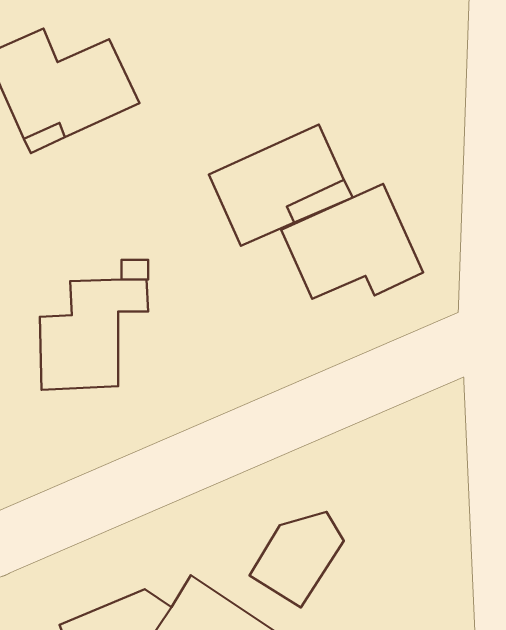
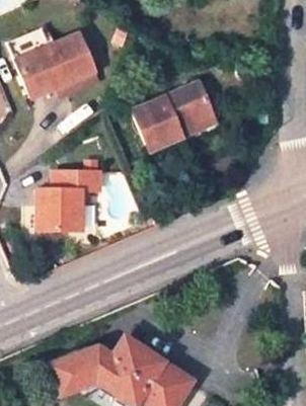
building: [281,184,423,299] -> none
building: [249,512,344,608] -> none

